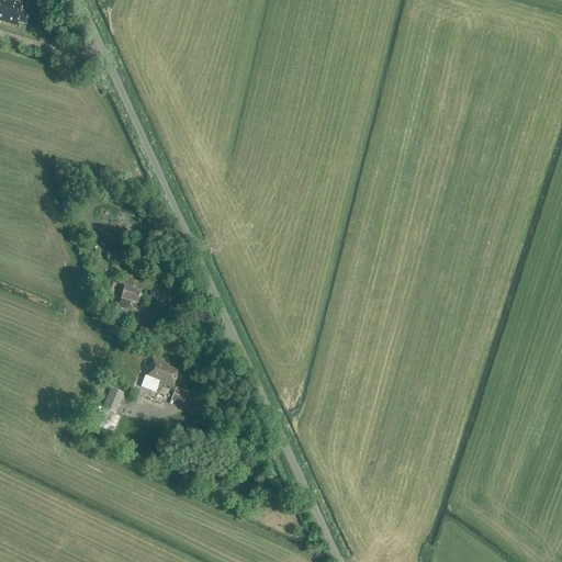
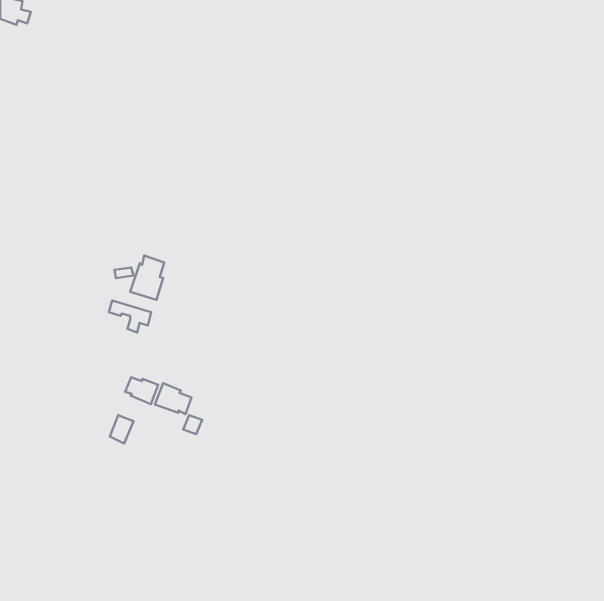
building: none -> [130,256,164,300]
building: none -> [125,377,158,404]

